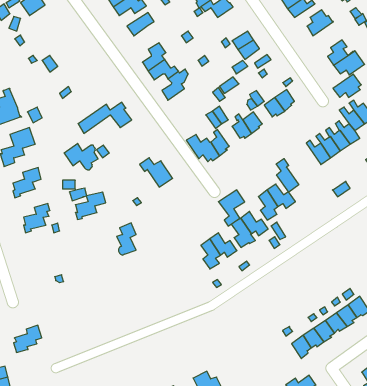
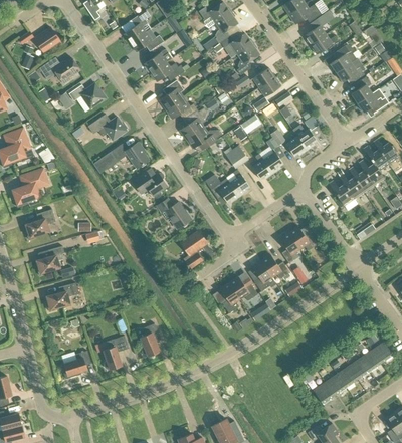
building: none -> [237,43,259,75]
building: none -> [39,57,79,84]
building: none -> [151,62,185,82]
building: none -> [68,83,107,109]
building: [333,74,361,97] -> [336,58,365,82]
building: none -> [87,117,127,141]
building: none -> [186,128,222,149]
building: [64,143,98,170] -> [132,171,167,198]
building: [276,159,299,192] -> none
building: [218,190,245,226] -> [180,231,207,268]
building: [75,192,106,219] -> [47,283,78,311]
building: [117,223,136,255] -> [140,323,160,357]
building: none -> [104,336,129,370]
building: [14,325,42,352] -> [62,351,91,379]

